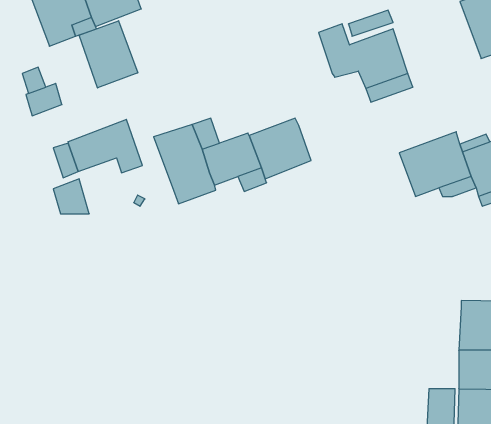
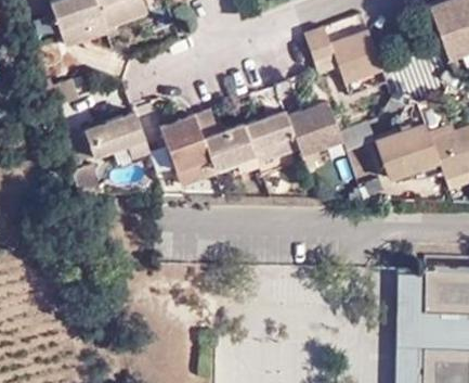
building: [79,21,138,88] -> none
building: none -> [286,101,340,154]
building: none -> [400,273,428,346]

